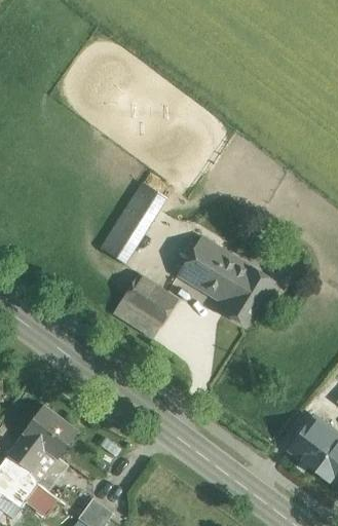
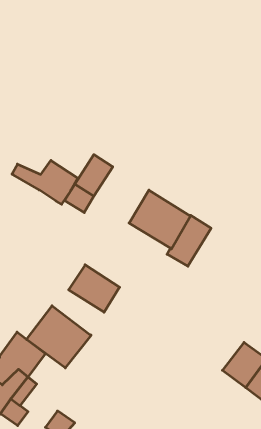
building: none -> [12,160,78,204]
building: [117,272,178,329] -> [69,265,120,312]
building: none -> [27,306,91,368]

